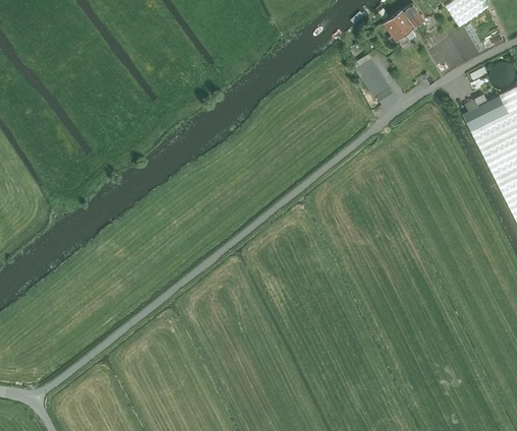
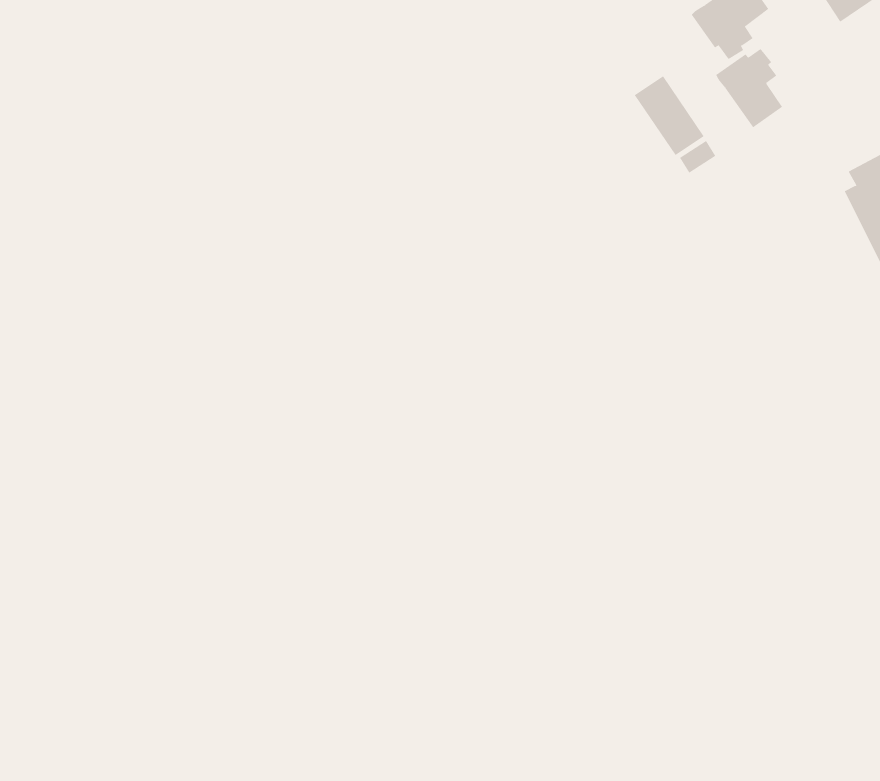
building: none -> [716,48,783,128]

